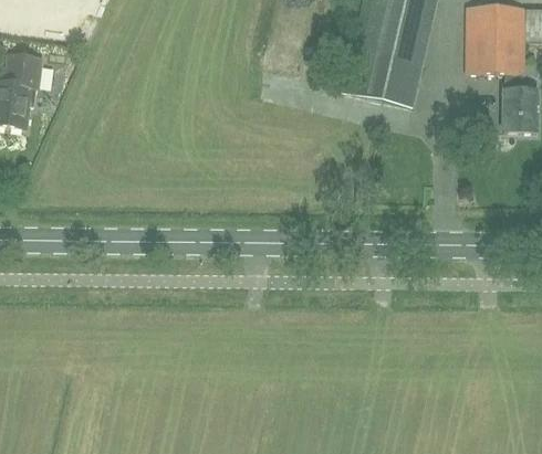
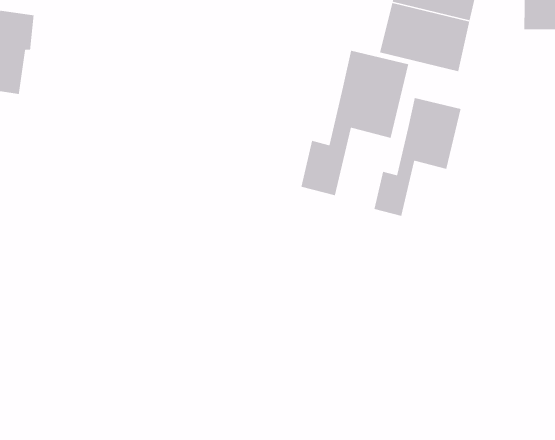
building: none -> [301,50,409,196]
building: none -> [374,97,462,217]

